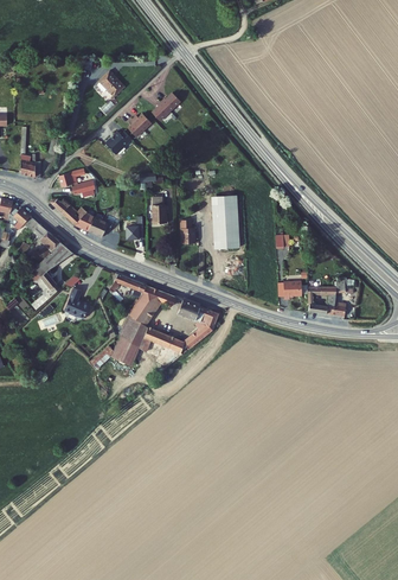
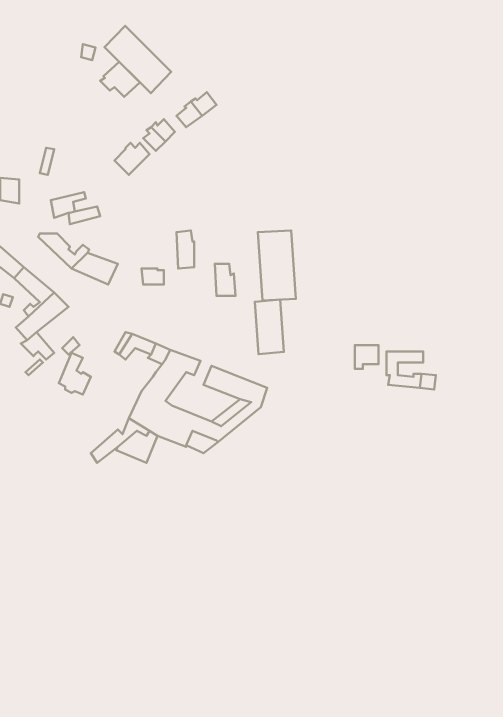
building: none -> [105,26,171,93]
building: none -> [255,300,284,354]

